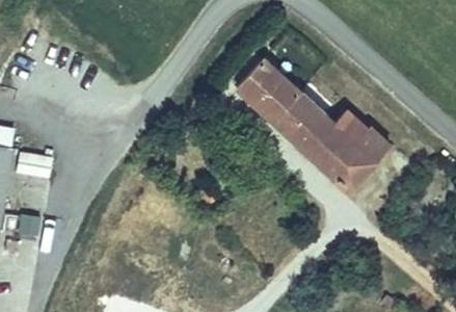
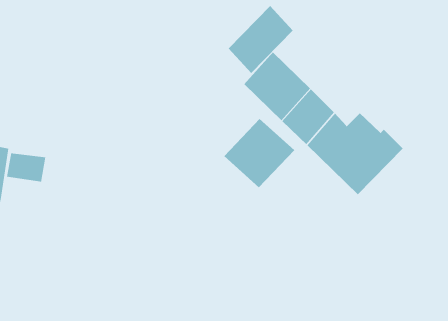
building: none -> [228,5,294,74]
building: none -> [223,118,295,188]

